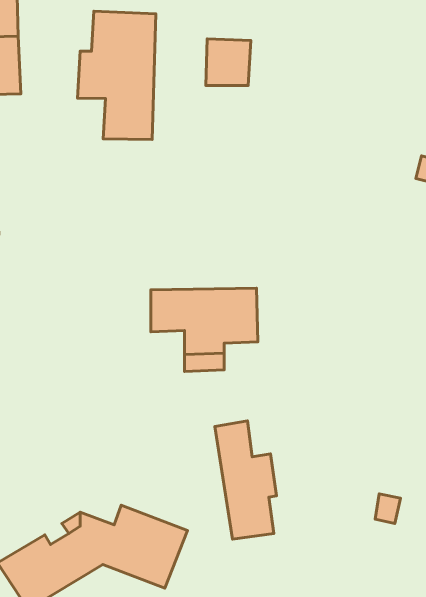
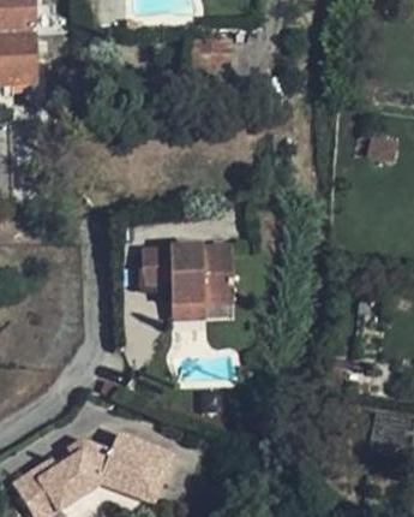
building: [78,11,156,140] -> none
building: [215,421,276,539] -> none

